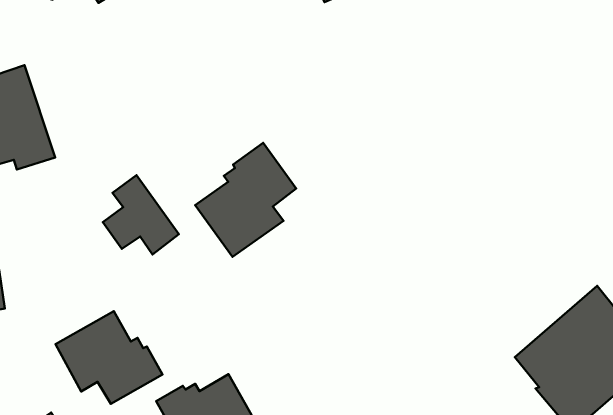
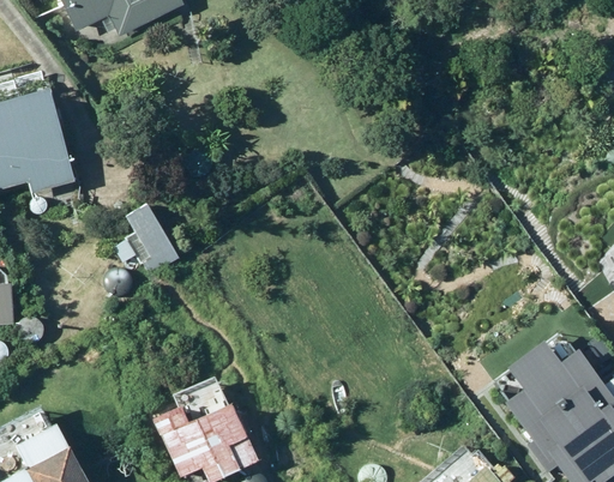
building: [195,143,296,257] -> none
building: [55,311,163,404] -> none

